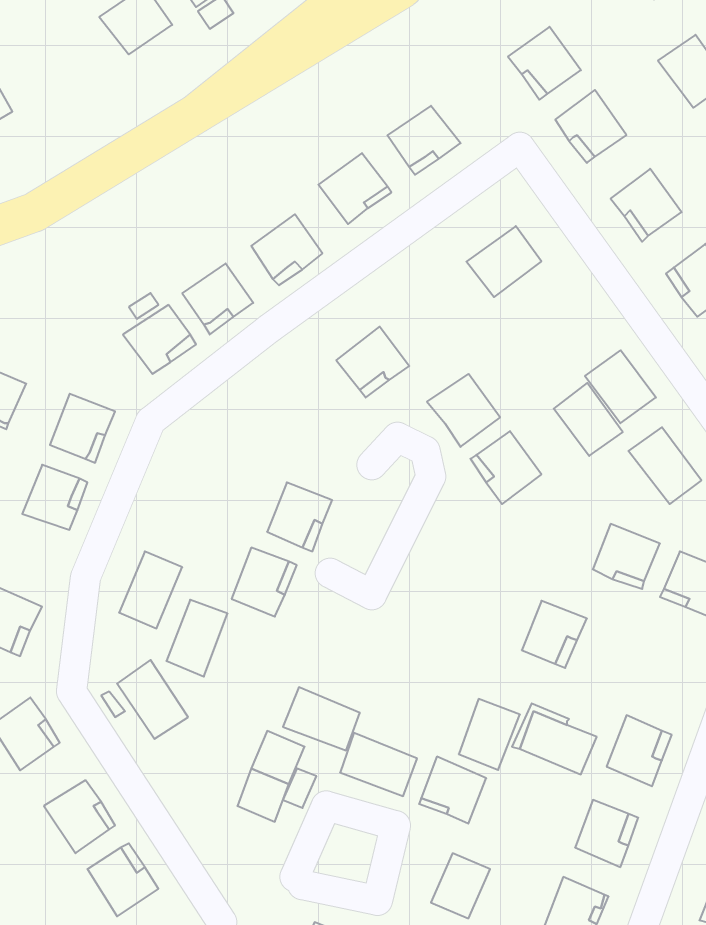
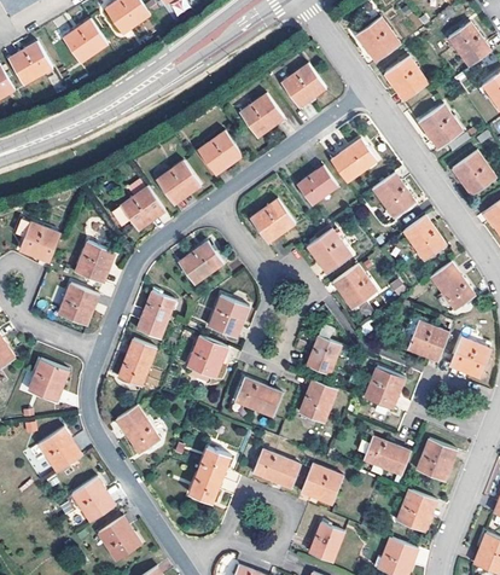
building: none -> [63,21,107,64]
building: none -> [297,167,337,205]
building: [554,383,623,456] -> [372,173,414,217]
building: none -> [178,242,221,284]
building: none -> [306,325,341,376]
building: [166,600,228,677] -> [136,291,174,338]
building: [283,687,360,750] -> [234,378,281,417]
building: [459,699,520,770] -> [298,379,336,423]

